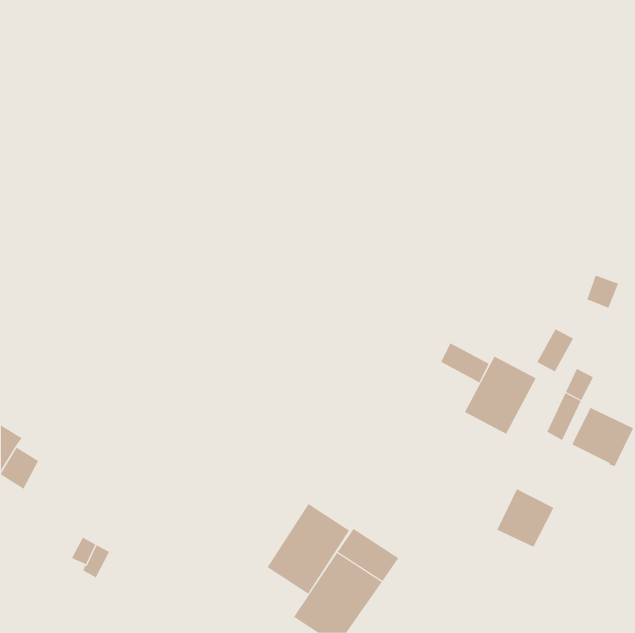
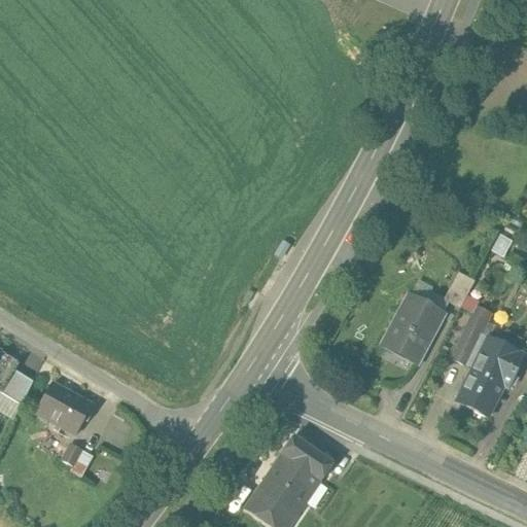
building: [440,342,489,383] -> none
building: none -> [36,382,91,433]
building: [496,489,554,547] -> [457,366,504,415]
building: [267,503,350,595] -> none

